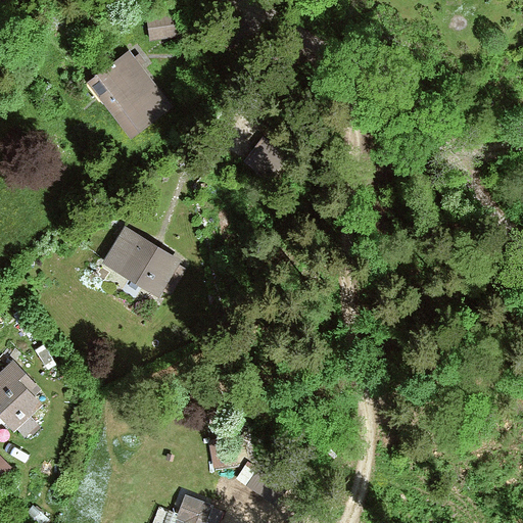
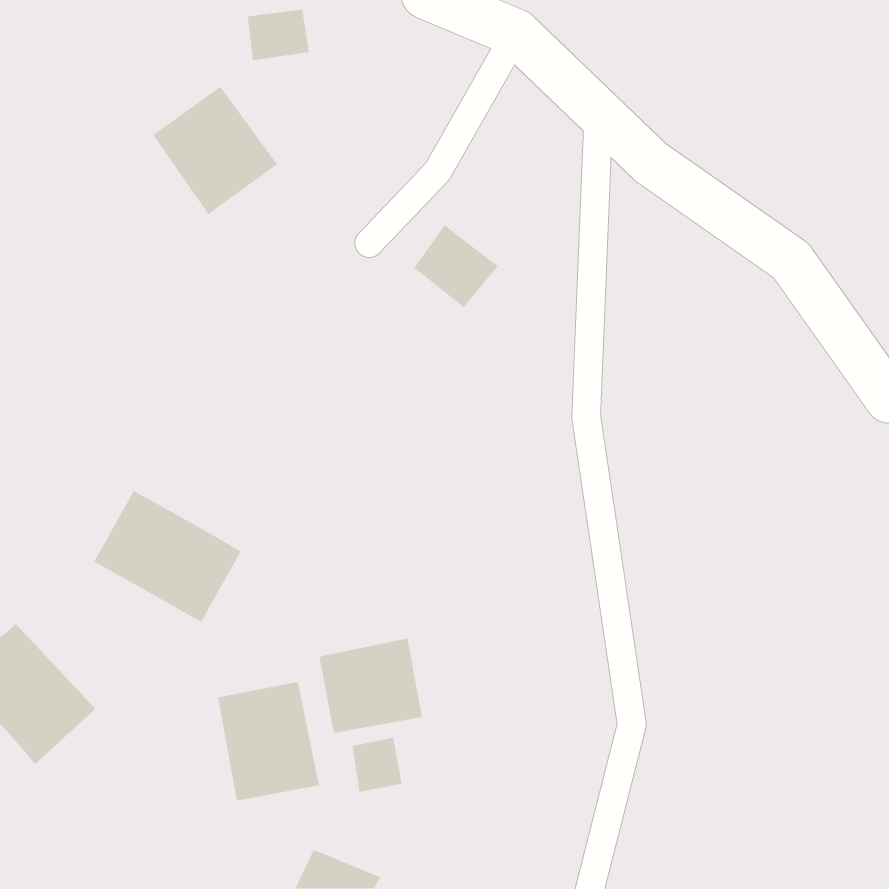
building: [99,228,186,305] -> [93,490,242,623]
building: none -> [318,638,423,734]
building: none -> [217,681,320,801]

